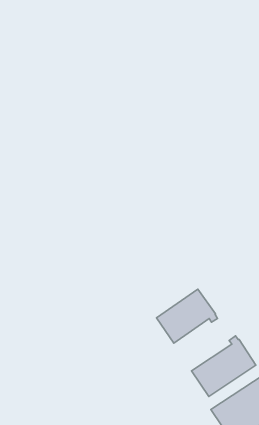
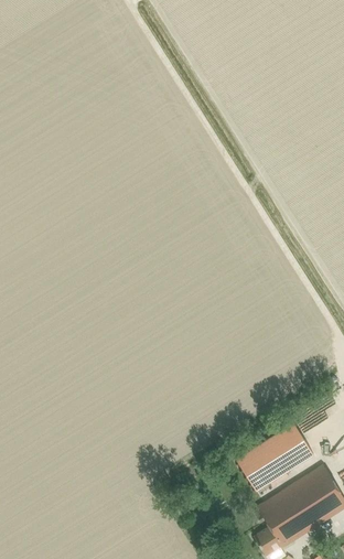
building: [157,289,217,343] -> none

